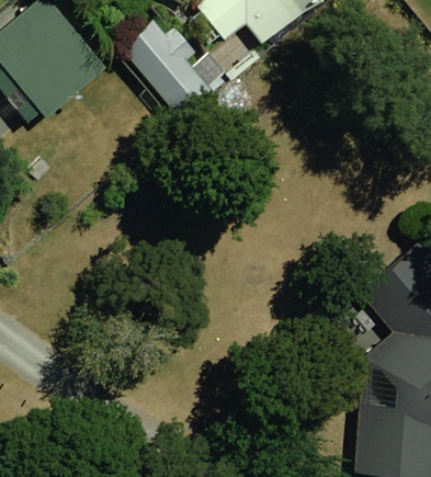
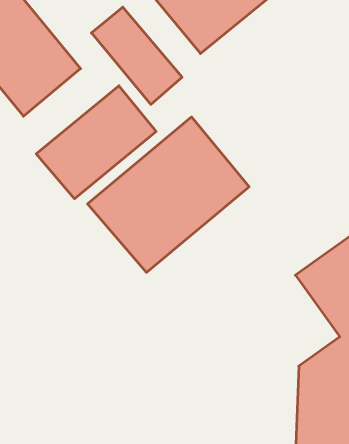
building: none -> [36,86,156,199]
building: none -> [88,117,249,272]

